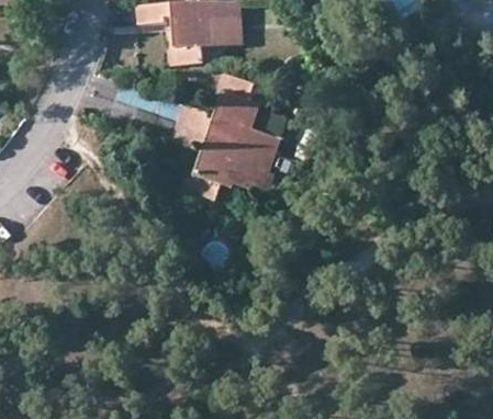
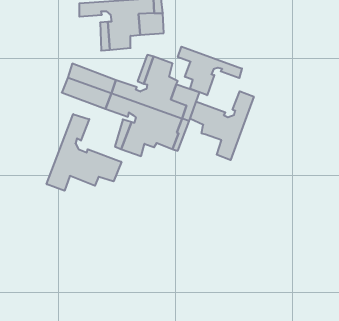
building: none -> [178,47,242,95]
building: none -> [190,91,254,160]
building: none -> [47,114,121,191]

